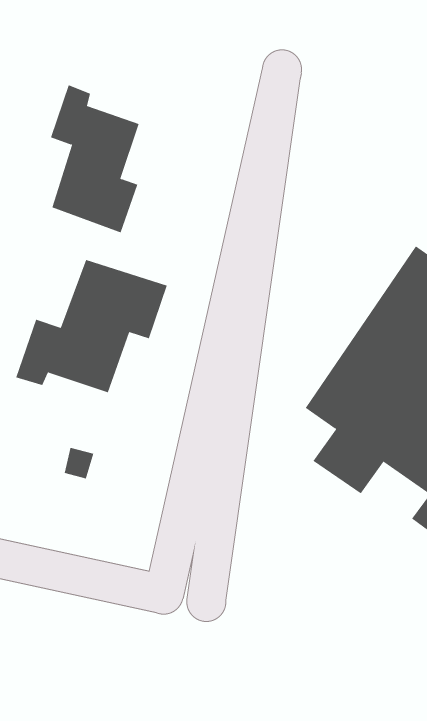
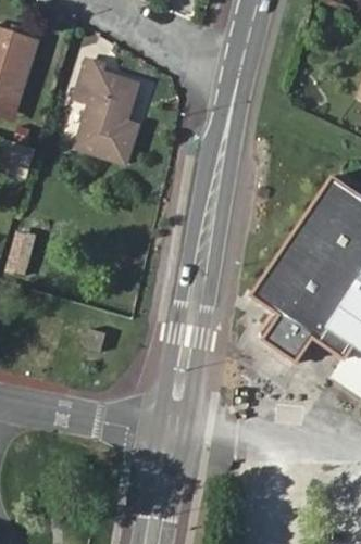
building: [15,259,168,393] -> none

